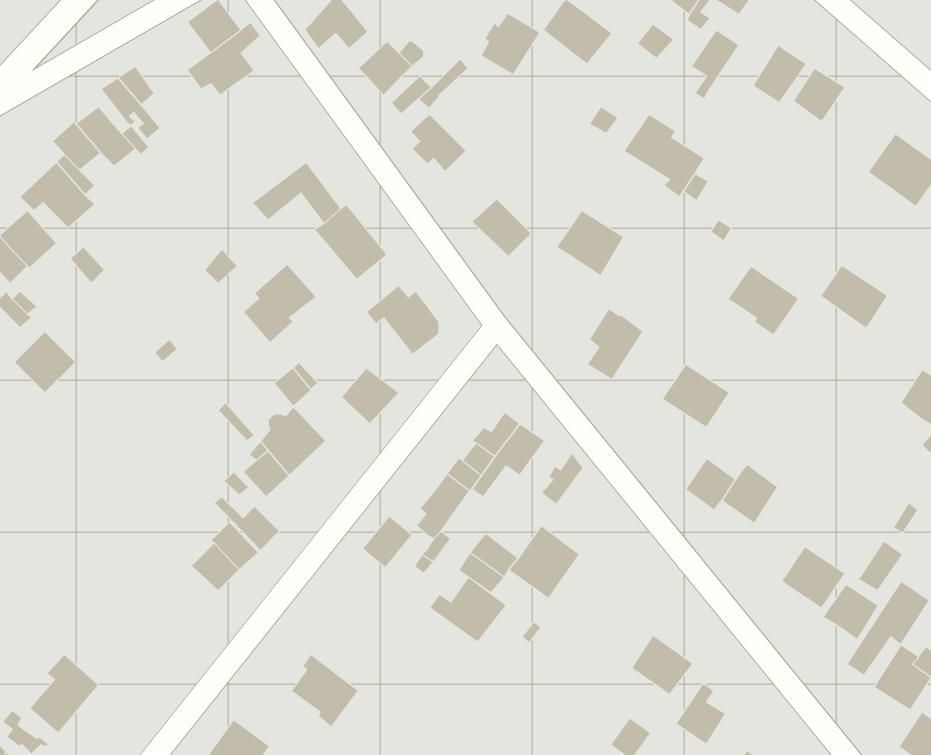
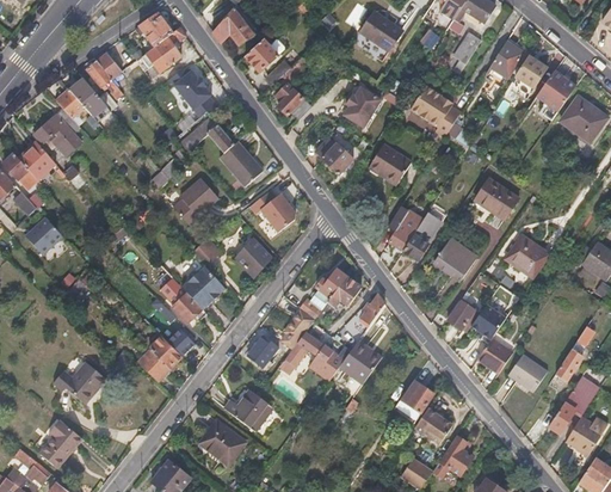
building: [481,13,540,75] -> [342,87,379,125]
building: none -> [171,68,216,116]
building: none -> [536,69,575,111]
building: [820,265,888,328] -> [507,232,549,271]
building: none -> [402,211,440,258]
building: none -> [54,359,107,401]
building: [430,577,507,642] -> [224,388,272,429]
building: [823,584,879,640] -> [476,338,511,373]
building: none -> [395,381,433,422]

